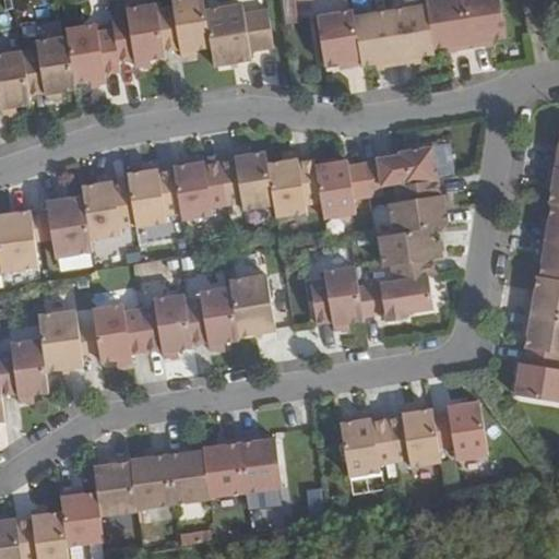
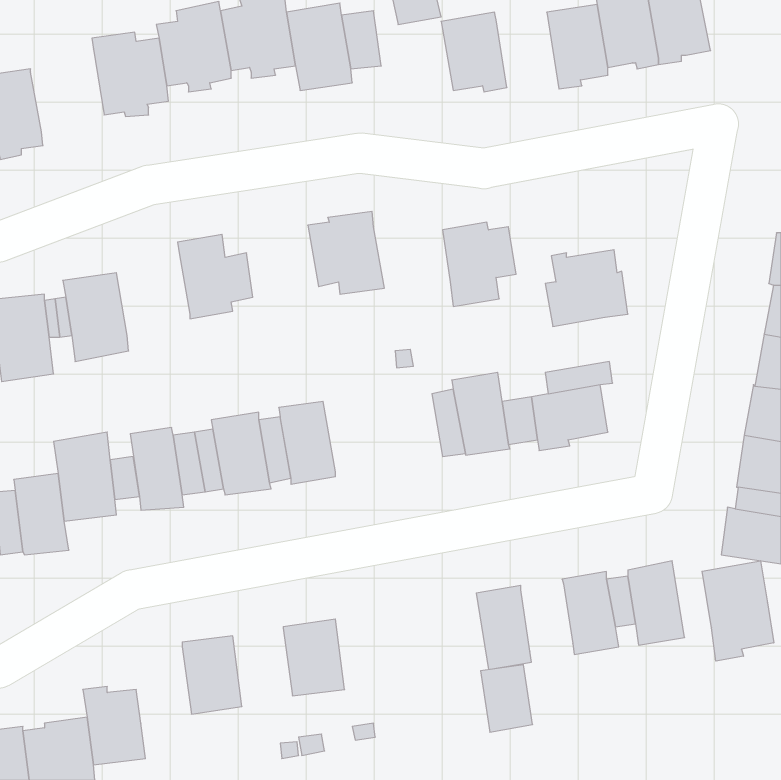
building: [354,9,399,66] -> none
building: [22,35,75,98] -> none
building: [362,145,438,195] -> none
building: [266,157,321,216] -> none
building: [173,160,227,219] -> none
building: [82,180,135,239] -> none
building: [378,226,437,266] -> none
building: [229,274,276,336] -> none
building: none -> [702,561,774,661]
building: [371,416,408,464] -> [481,665,533,732]
building: [239,436,283,491] -> none
building: [166,448,209,503] -> none
building: [94,461,136,515] -> none

